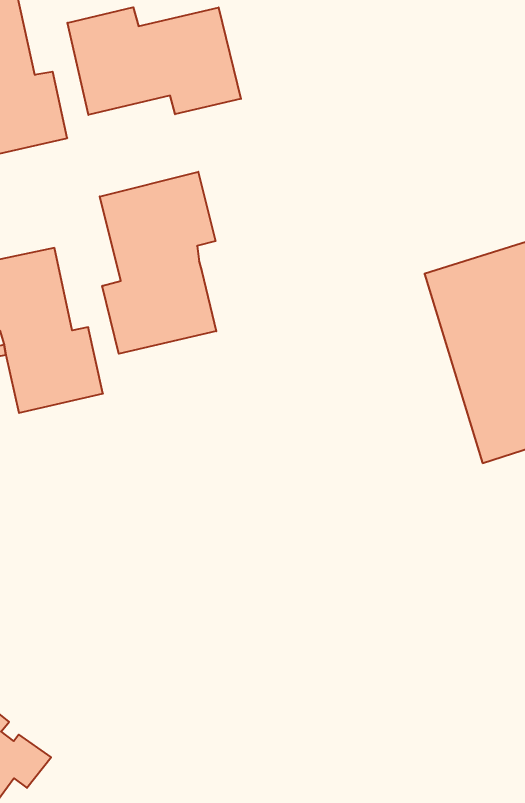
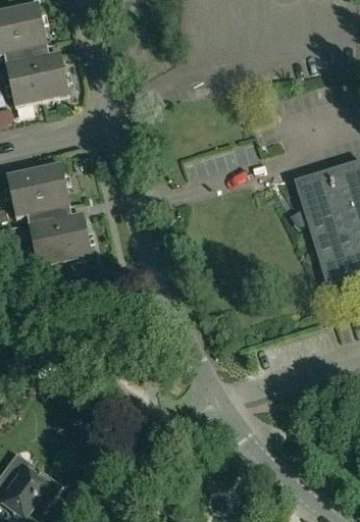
building: [67,7,241,115] -> none
building: [100,172,216,354] -> none

